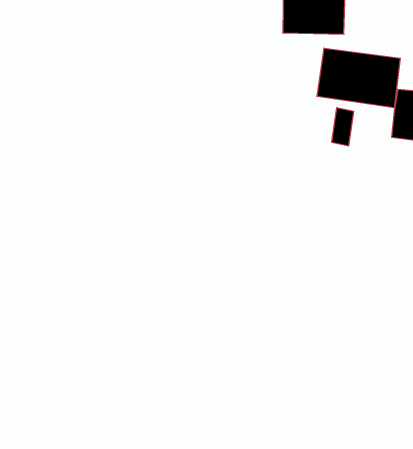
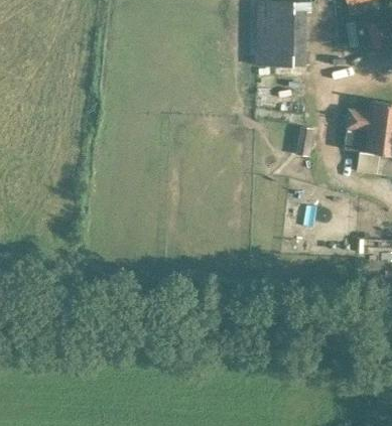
building: [317,48,400,108] -> none

